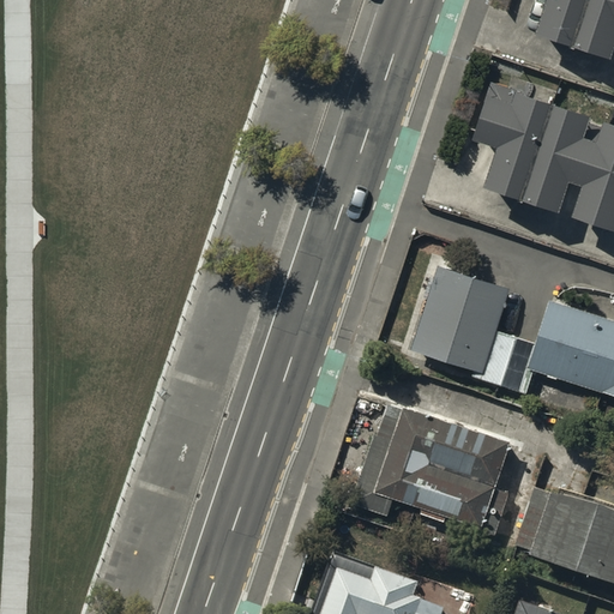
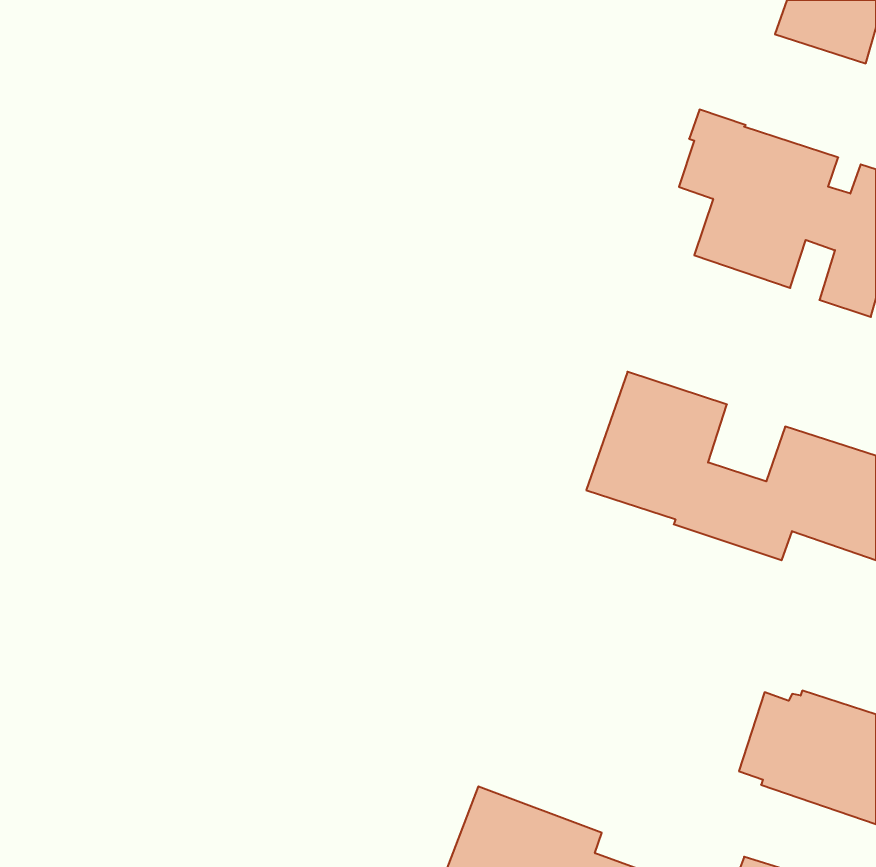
building: [353,404,512,537] -> none

